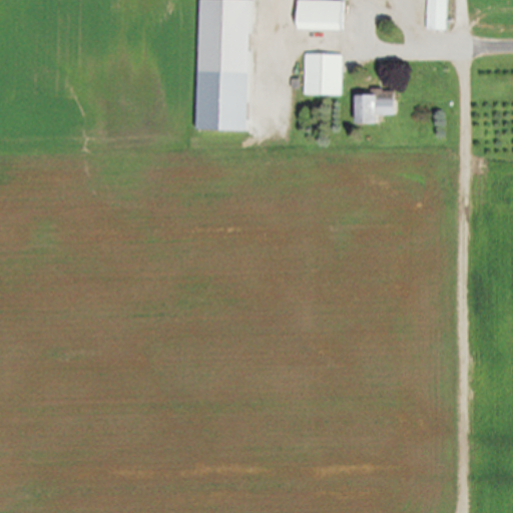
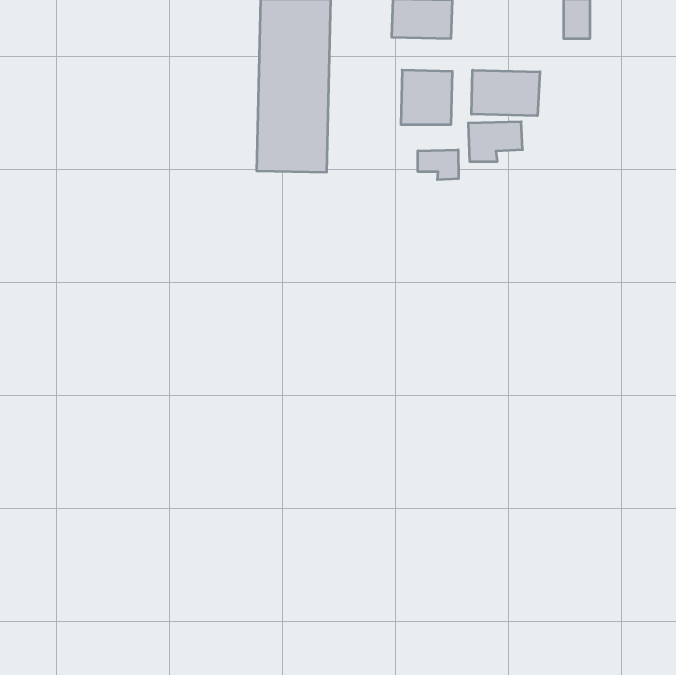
building: none -> [472,70,540,116]
building: none -> [418,150,458,180]

